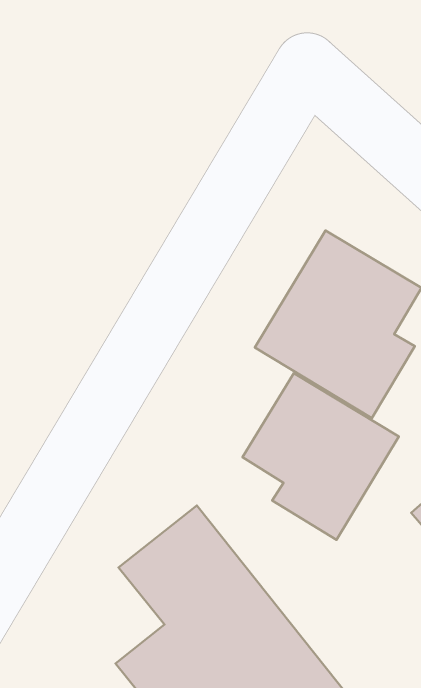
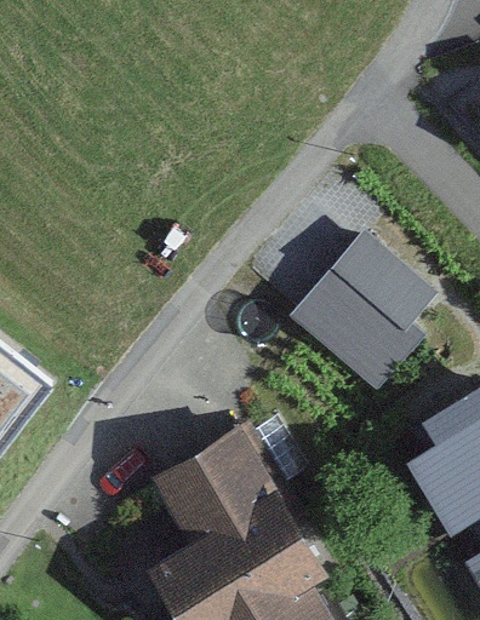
building: [242,373,399,540] -> none

